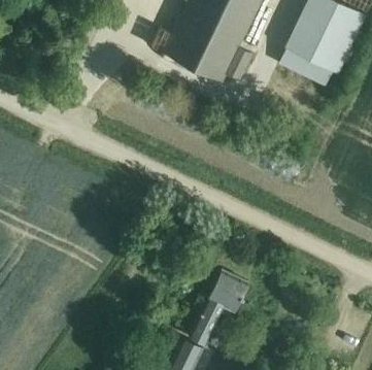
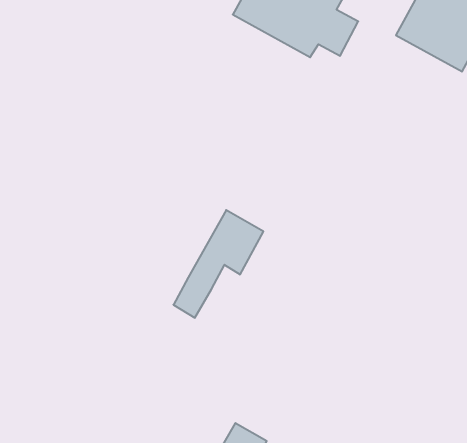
building: [189,271,248,347] -> [173,210,263,318]

